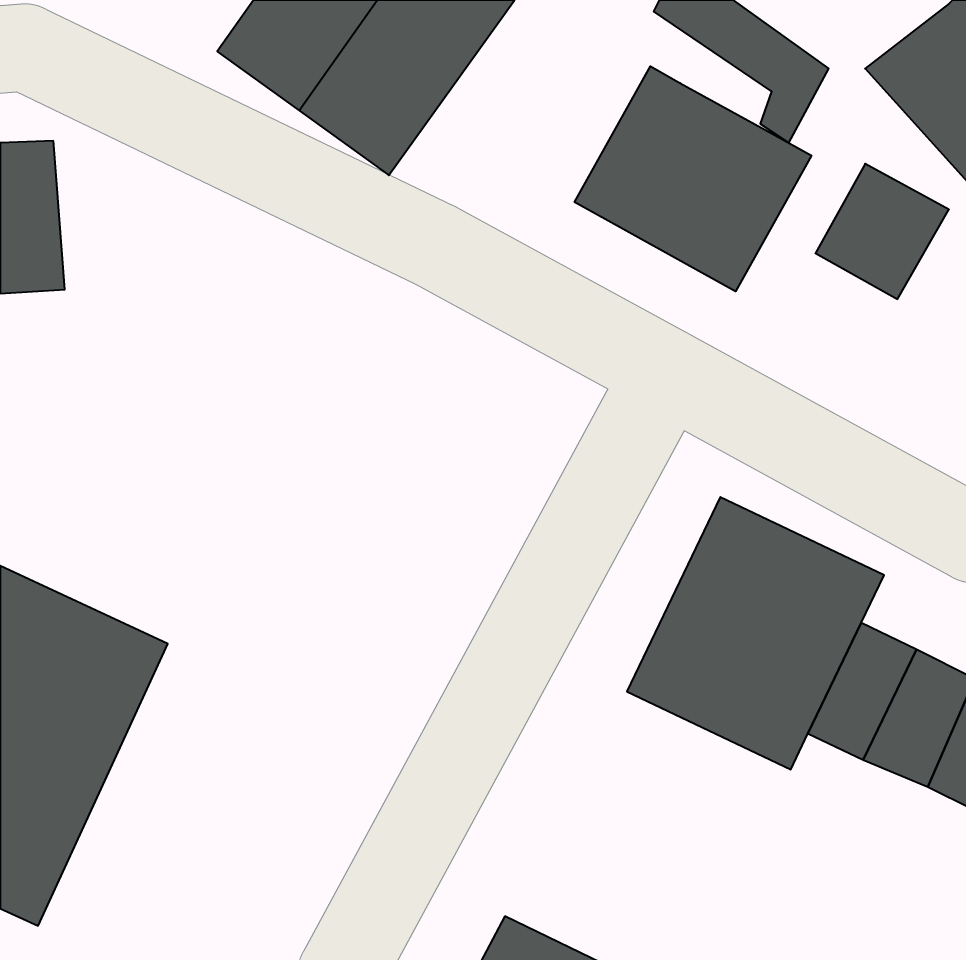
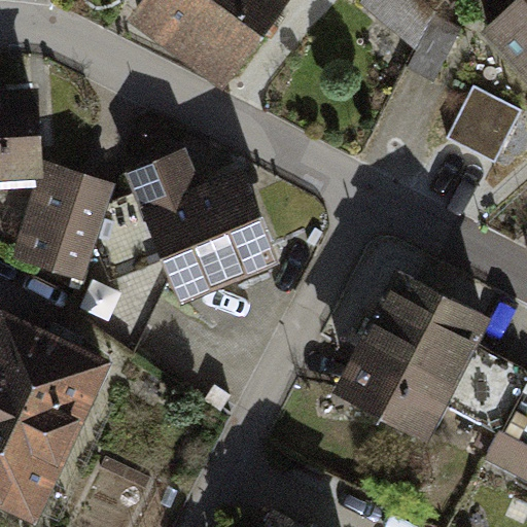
building: [575,66,811,291] -> none
building: none -> [126,146,275,296]
building: none -> [20,162,112,271]

